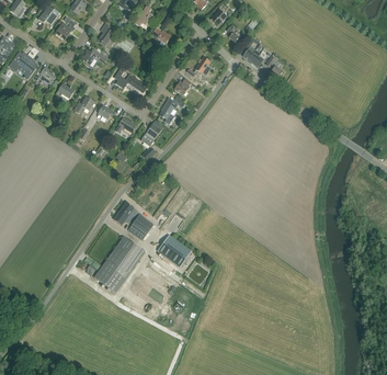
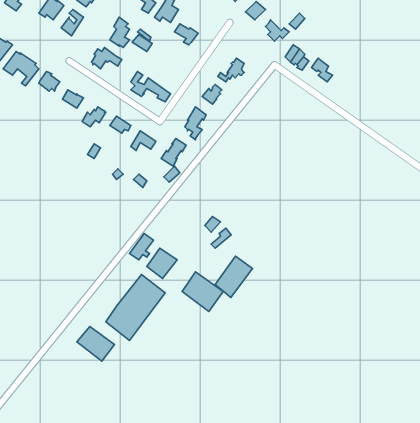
building: none -> [215,256,252,298]
building: none -> [77,326,114,361]

